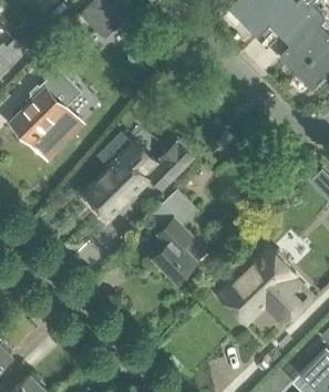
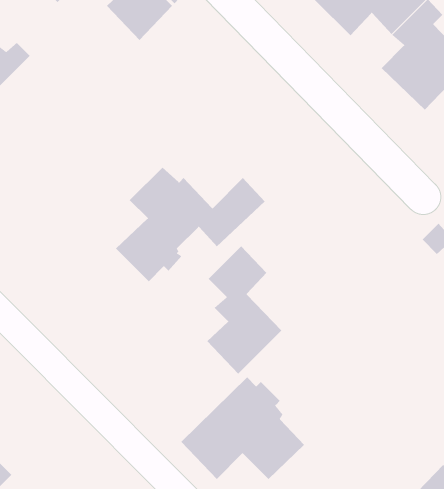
building: [14,69,82,164] -> none
building: [218,247,309,322] -> [180,377,305,480]

